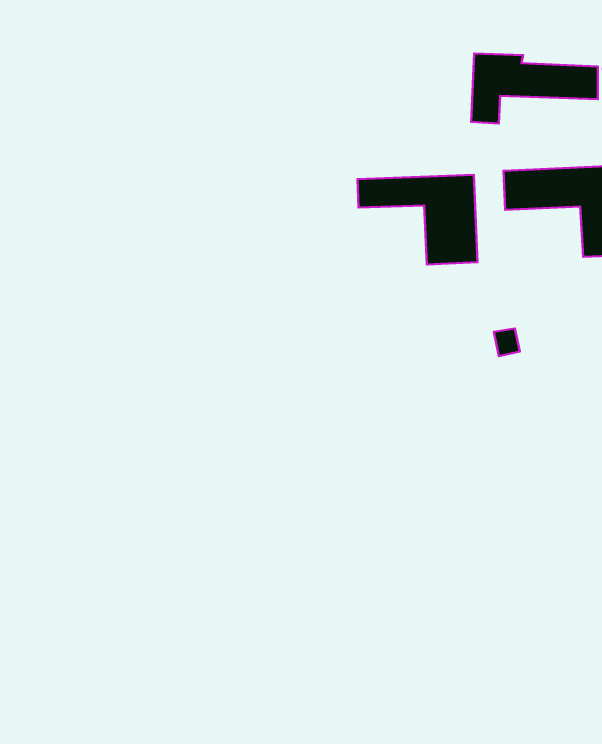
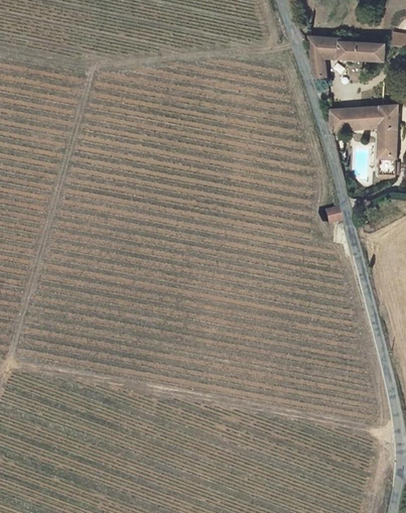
building: [357,175,478,265] -> none

